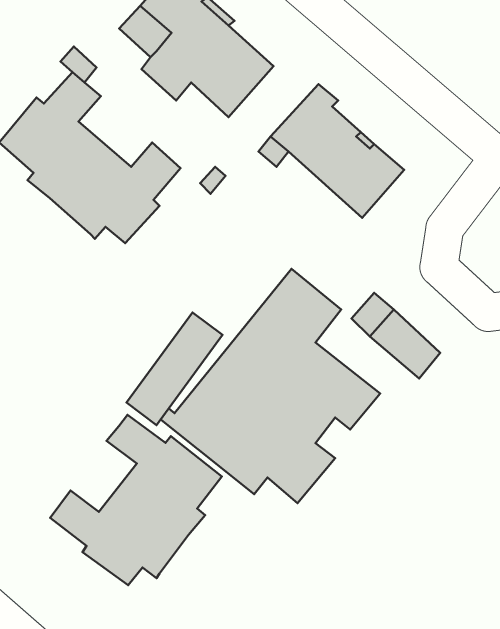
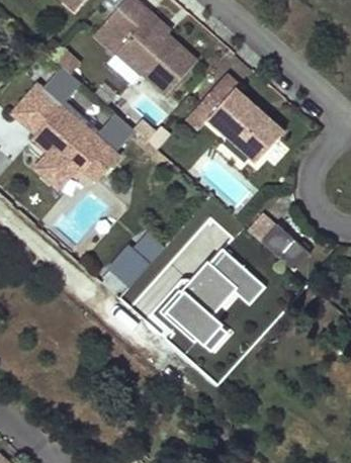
building: none -> [30,150,73,190]
building: [50,415,222,585] -> none

